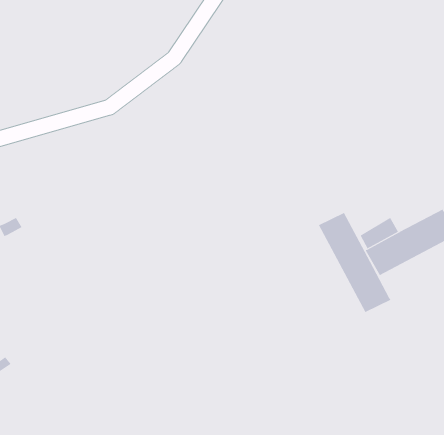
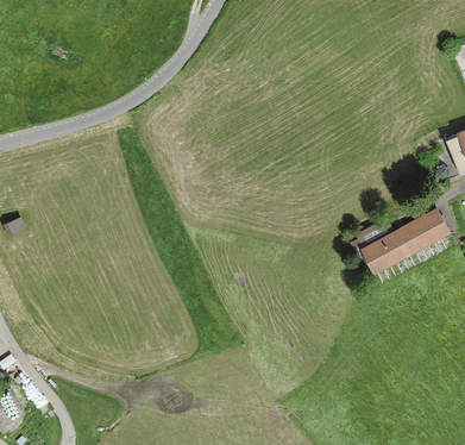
building: [318,212,391,313] -> none

